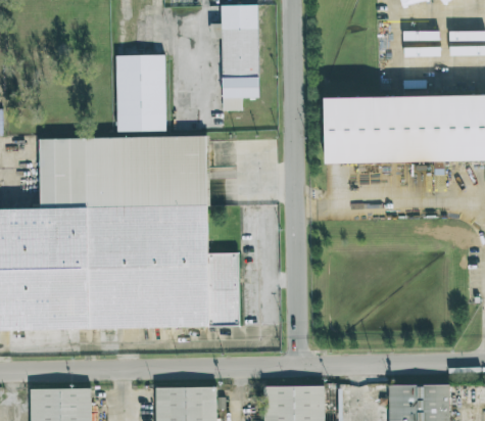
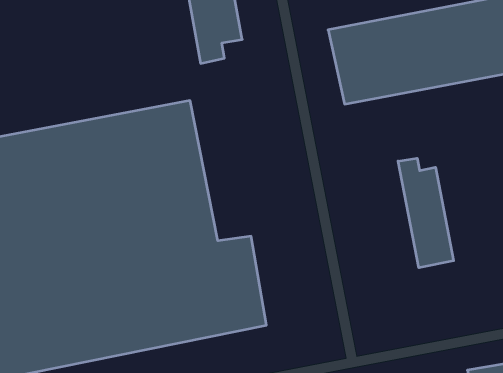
building: [116,53,167,127] -> none
building: none -> [398,158,454,268]

